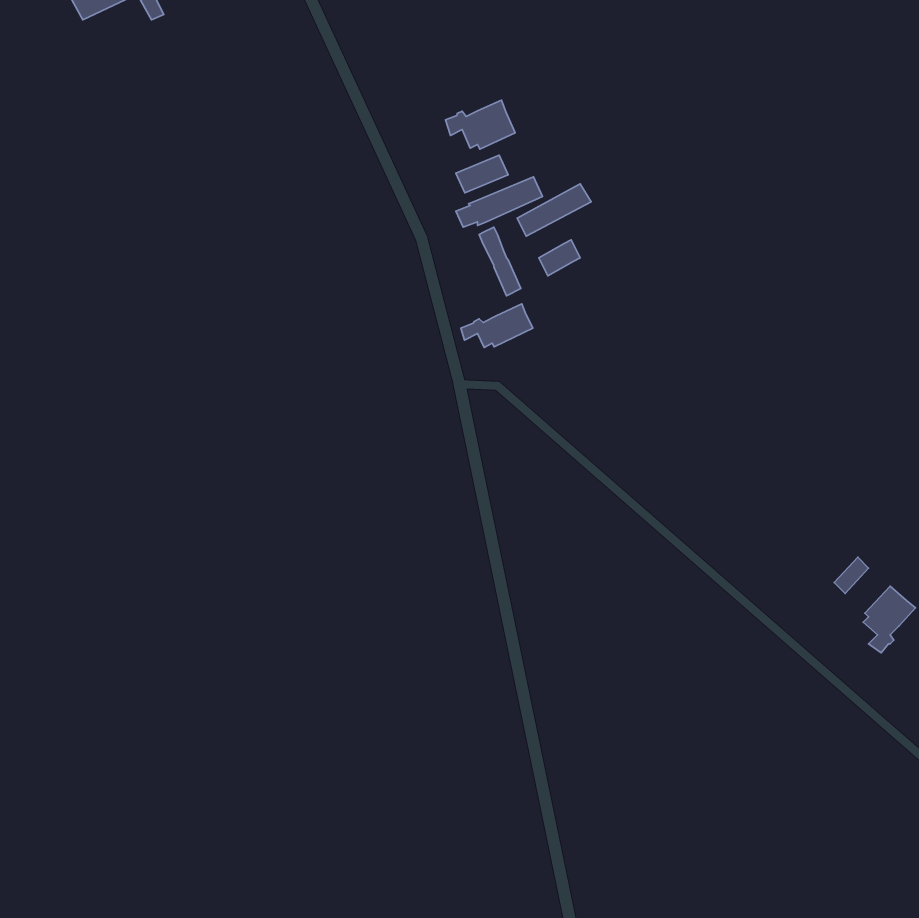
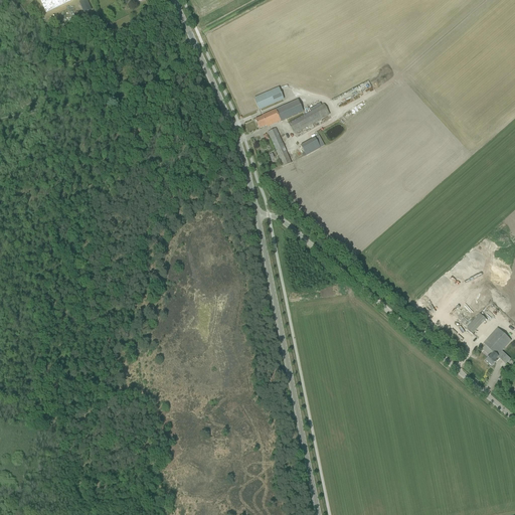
building: [445,100,515,149] -> none
building: [461,304,533,347] -> none

